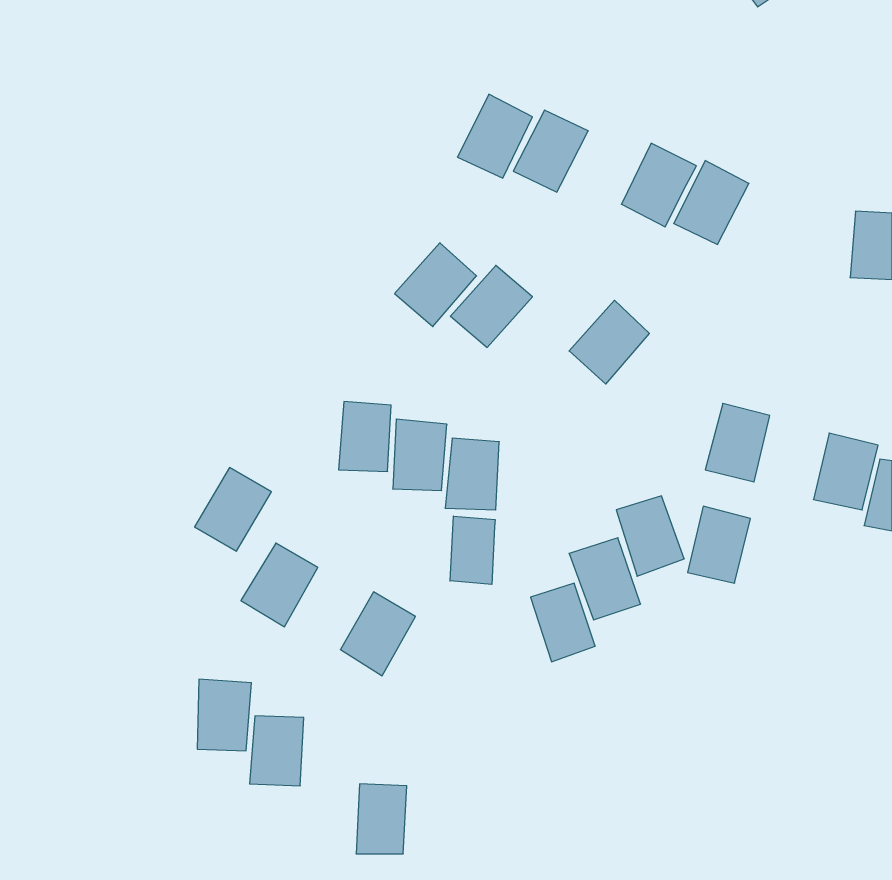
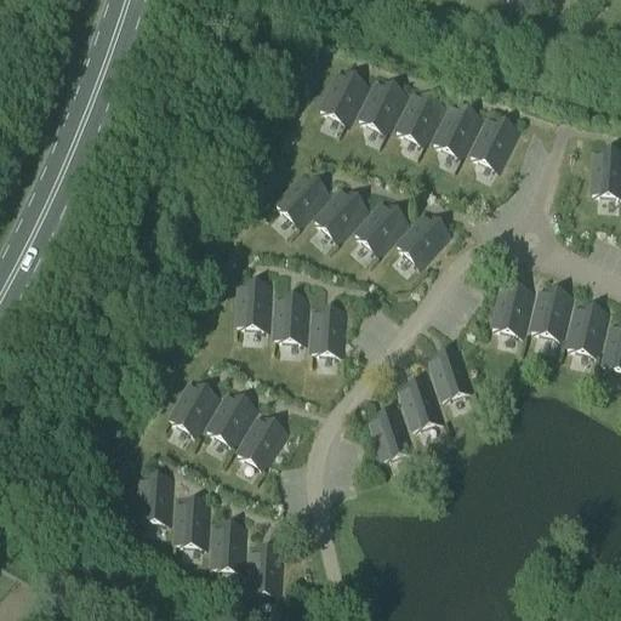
building: none -> [394,87,446,144]
building: none -> [353,198,410,255]
building: [195,468,271,551] -> [205,388,258,446]
building: [688,506,750,583] -> [530,284,574,337]
building: [450,516,495,584] -> none
building: none -> [211,520,247,570]

